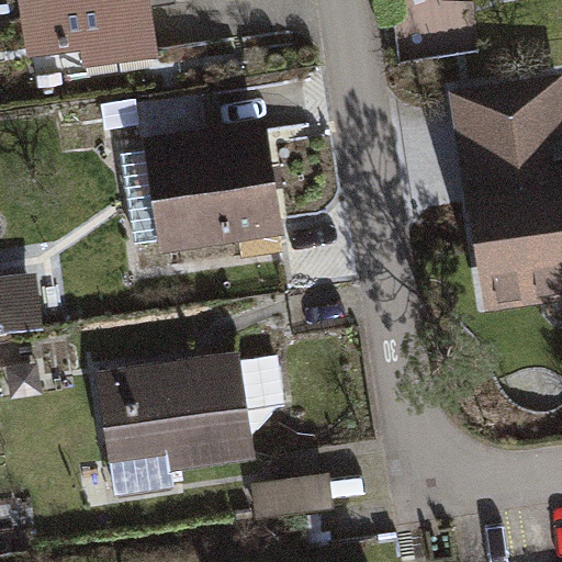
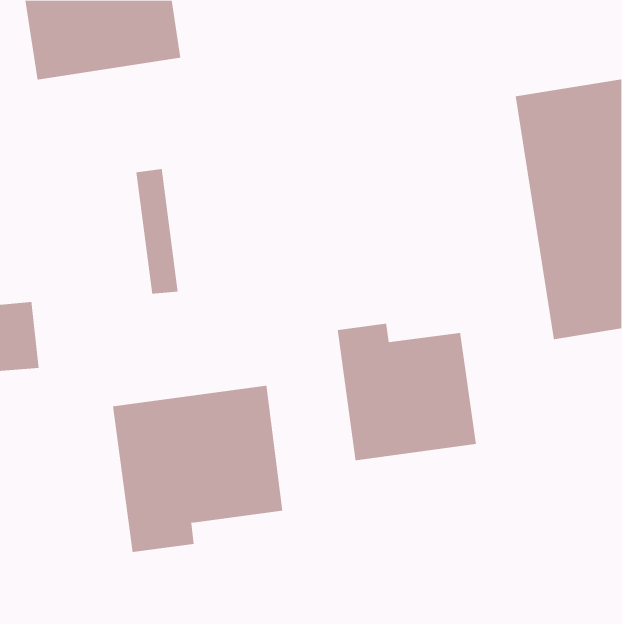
building: [155,121,281,246] -> none
building: none -> [337,323,476,461]

